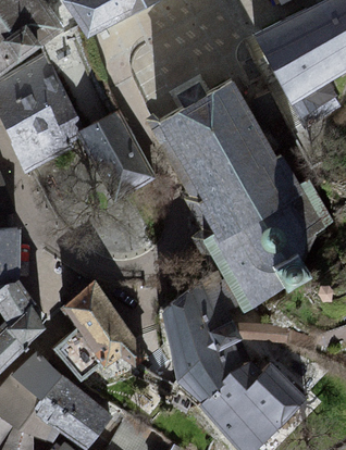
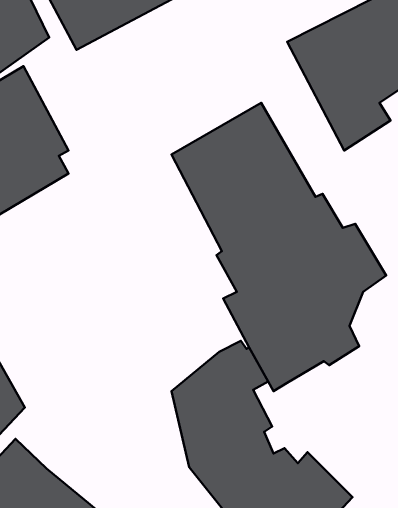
building: [75,110,155,200] -> none
building: [53,282,147,378] -> none

